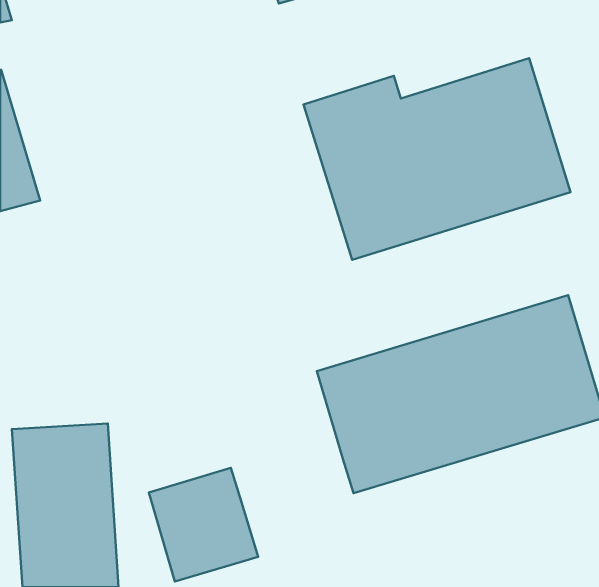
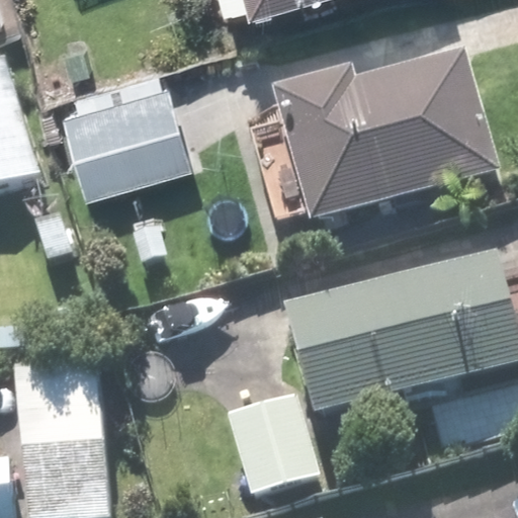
building: none -> [59,67,194,185]
building: [149,468,258,582] -> [229,392,322,489]

